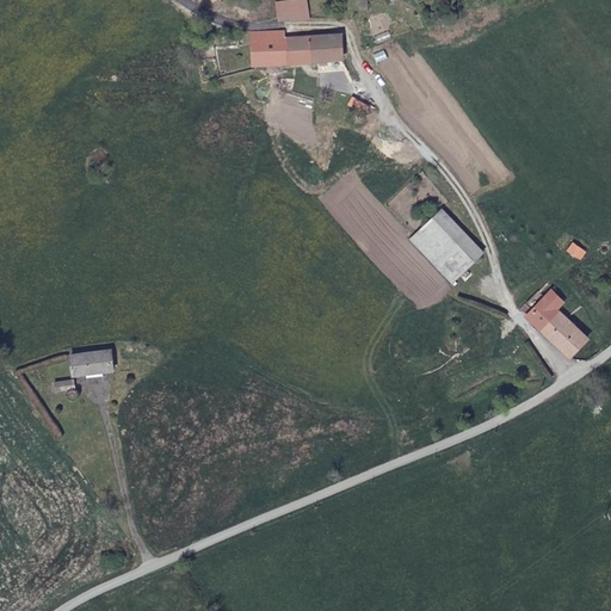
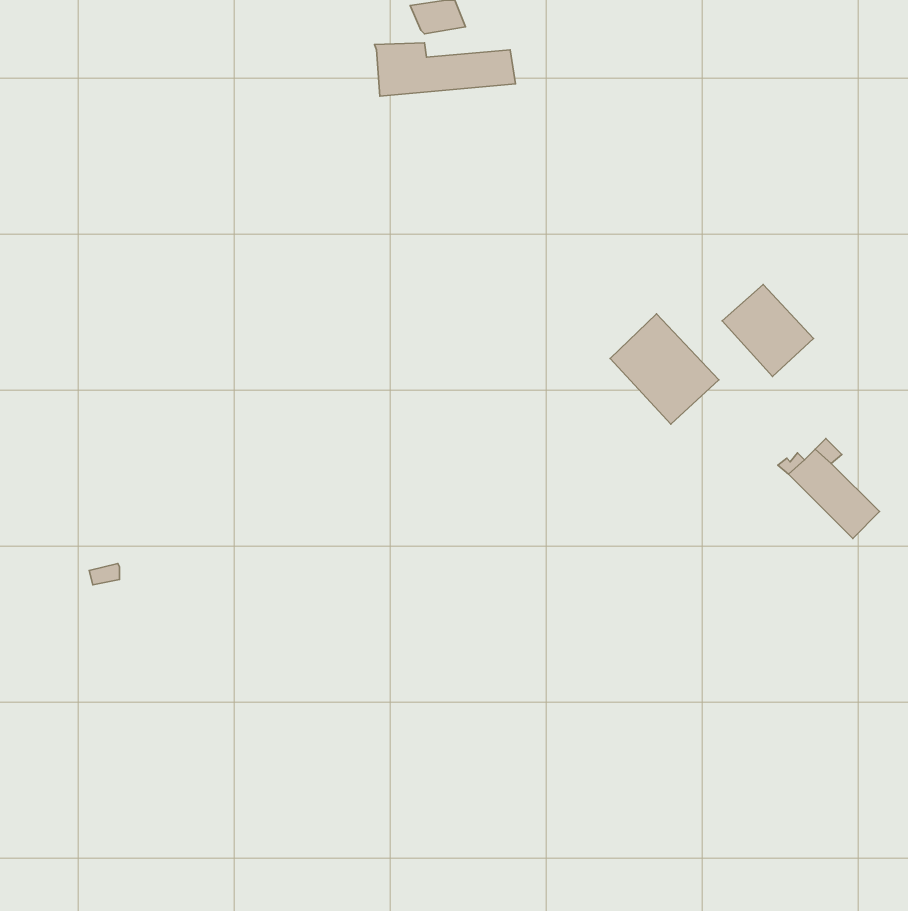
building: none -> [722,284,814,376]
building: [75,348,116,374] -> none

